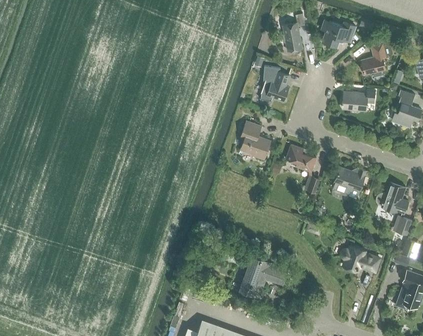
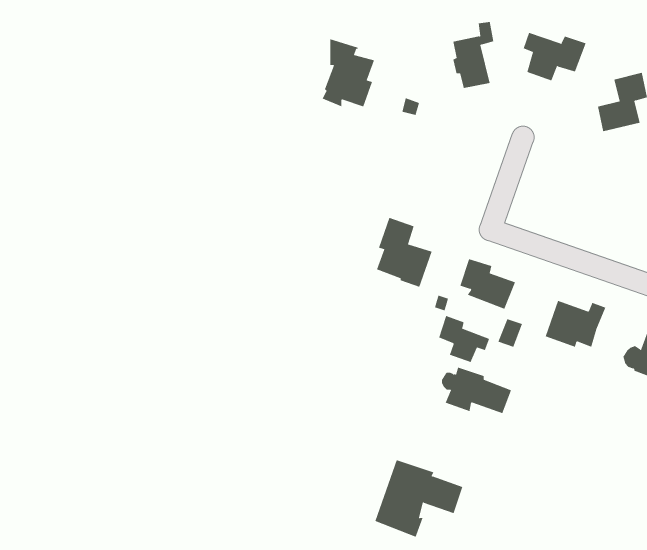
building: [259,63,289,101] -> [320,38,375,107]
building: [342,89,375,110] -> none
building: none -> [438,315,490,363]
building: [340,245,379,271] -> [441,367,512,414]

